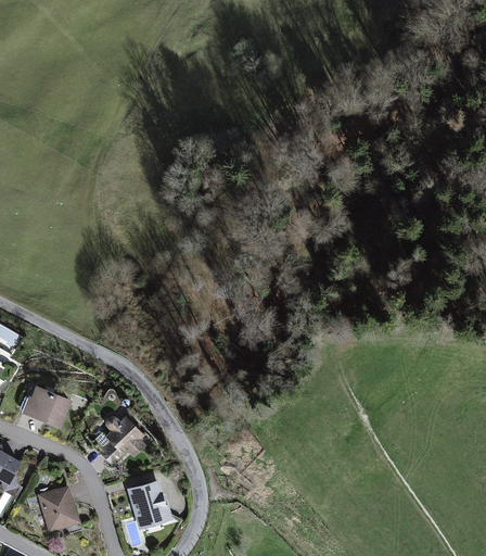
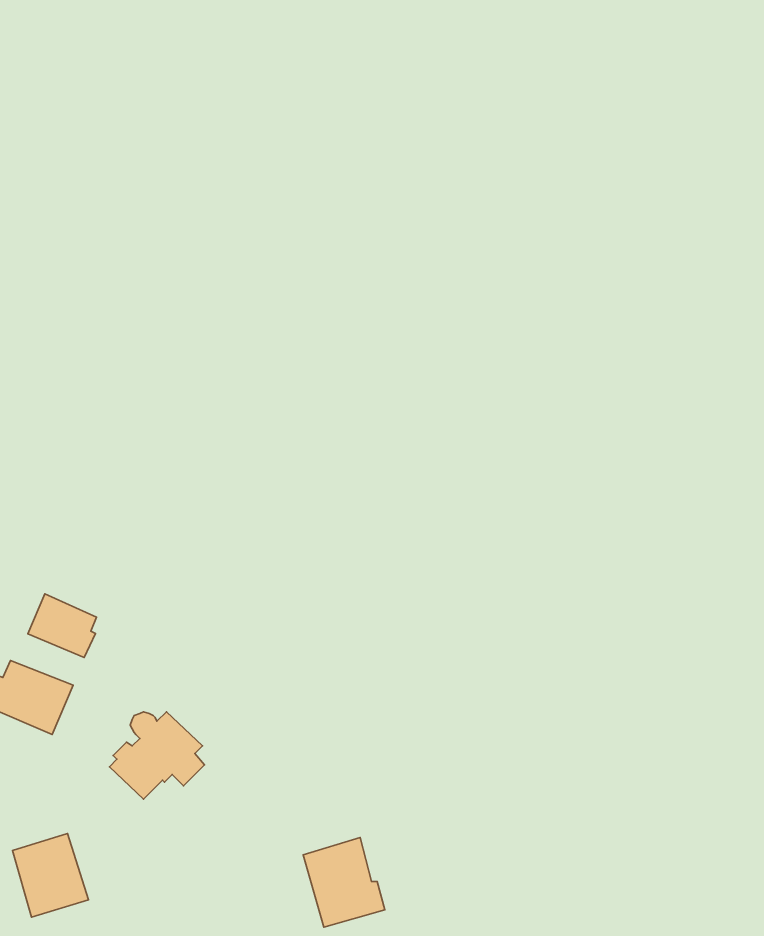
building: none -> [28,594,97,657]
building: [127,479,174,530] -> [303,838,385,927]

